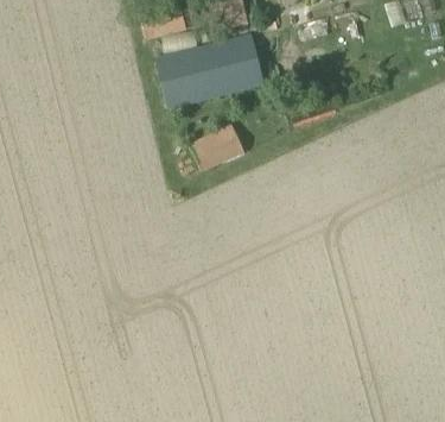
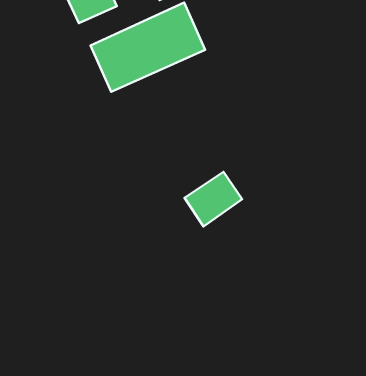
building: [190,124,243,171] -> [184,172,242,226]

